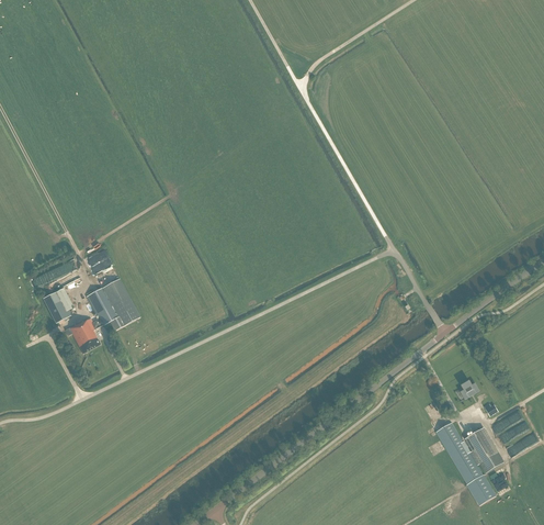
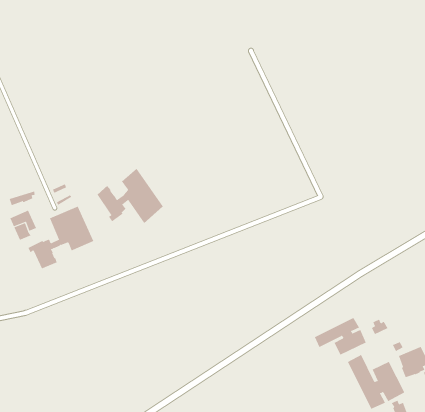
building: none -> [97,168,163,224]
building: none -> [314,317,367,355]

